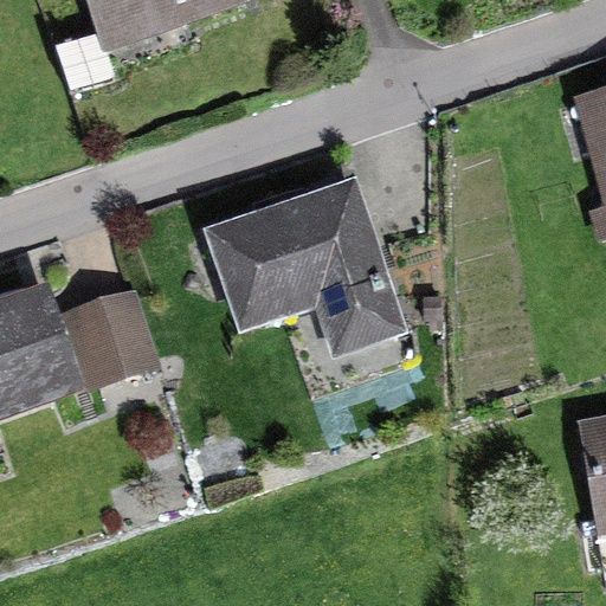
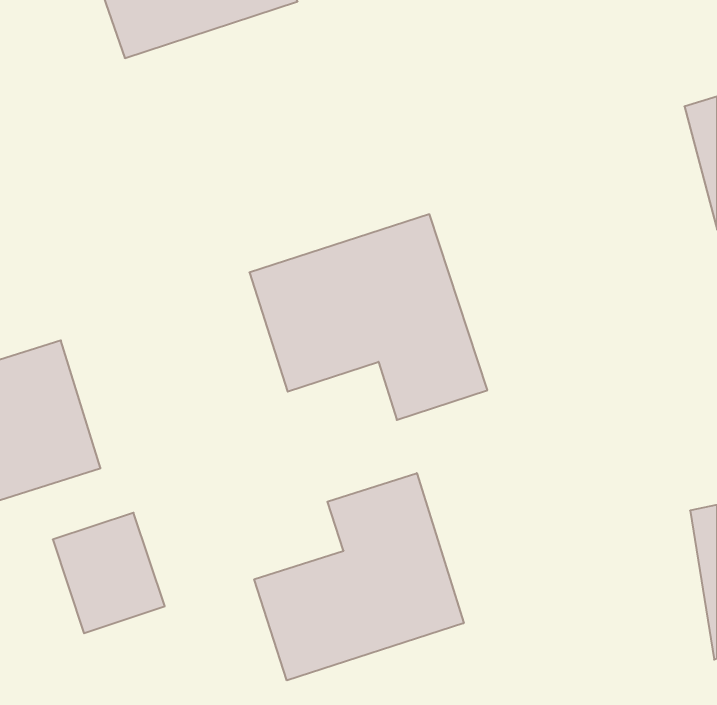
building: [66,290,160,391] -> [53,513,165,633]
building: none -> [254,473,464,680]

